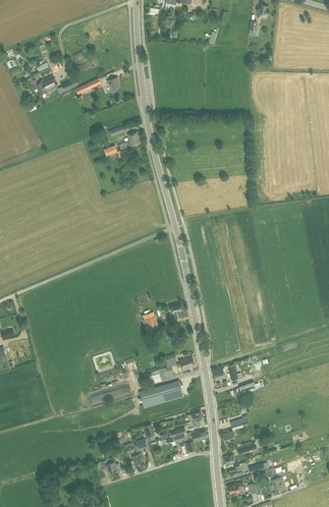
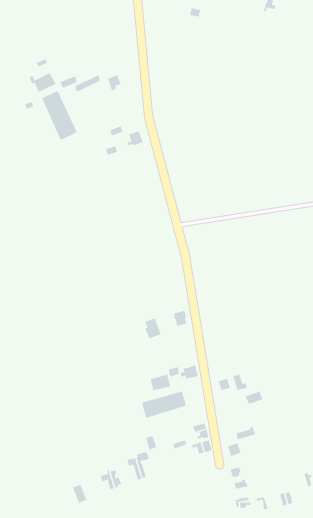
building: none -> [42,90,78,141]

